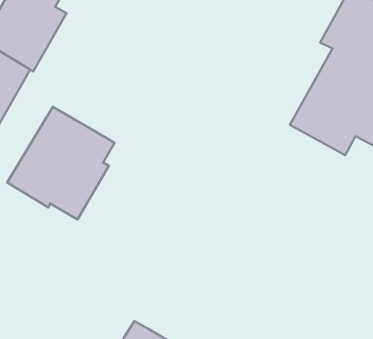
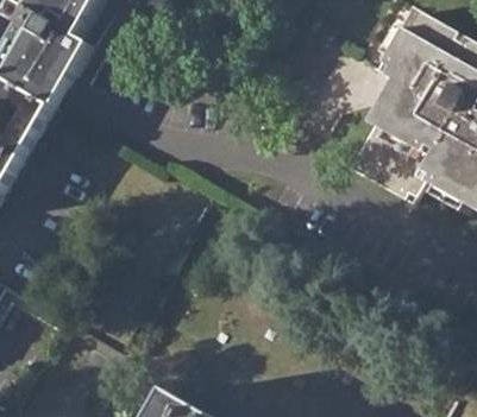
building: [7,107,115,220] -> none

